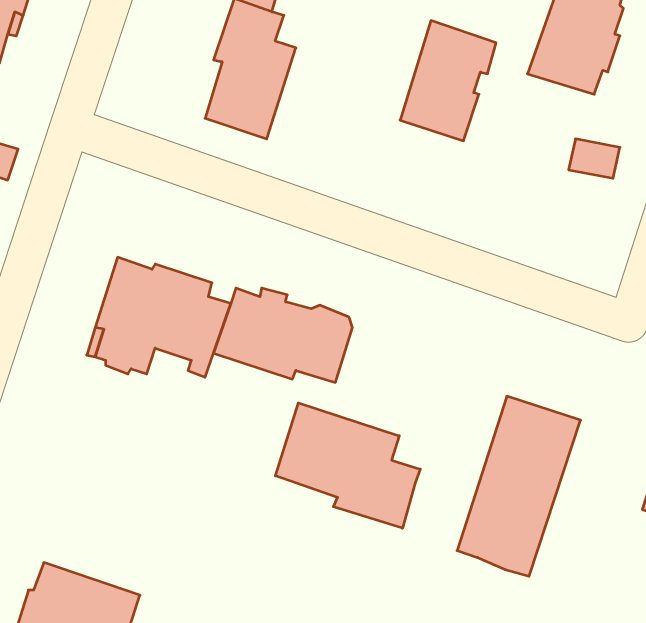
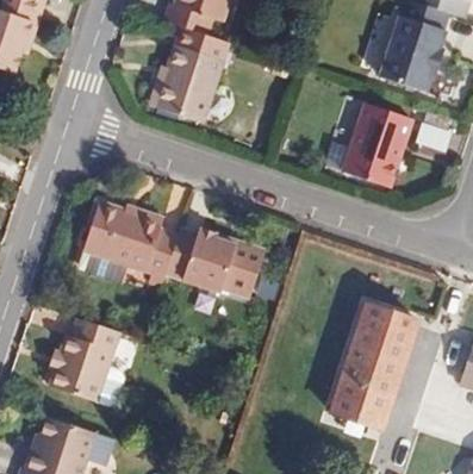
building: [400,21,496,141] -> [344,104,411,187]
building: [275,403,420,528] -> none
building: none -> [54,323,123,407]

